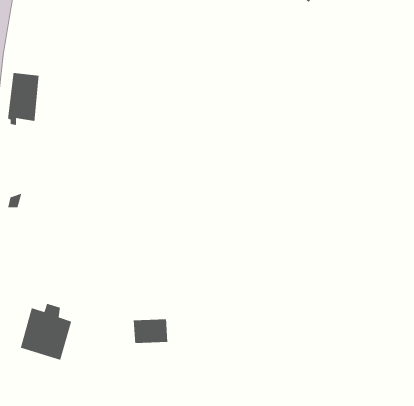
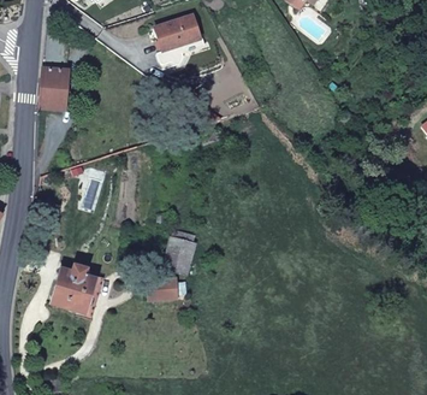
building: none -> [155,17,200,53]
building: none -> [164,230,195,273]

